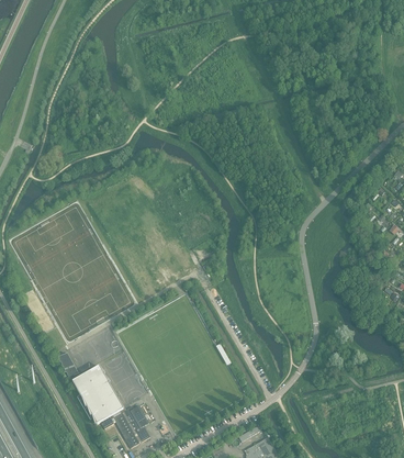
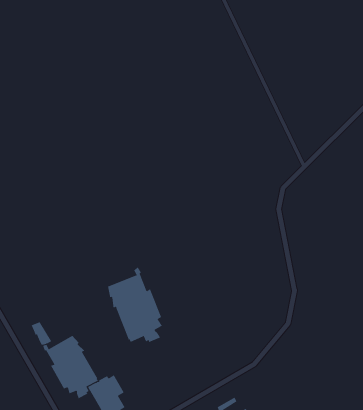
building: none -> [108,267,163,343]

